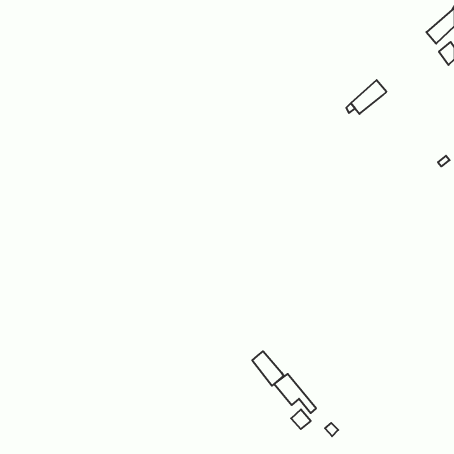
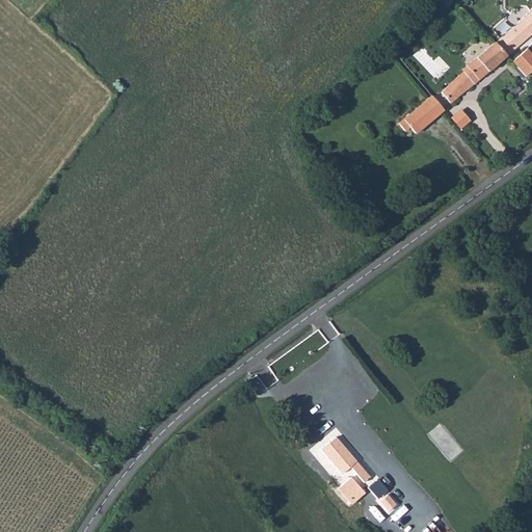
building: none -> [447,37,510,98]
building: [252,351,284,386] -> none

